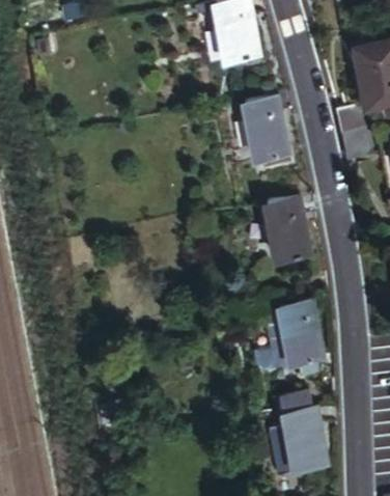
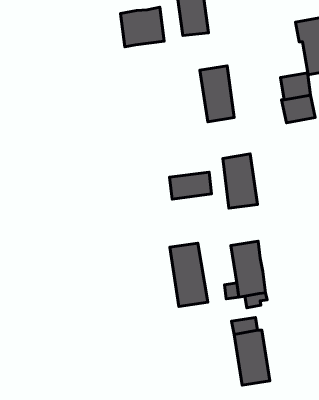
building: none -> [120,7,164,47]
building: none -> [169,172,212,199]
building: none -> [170,243,208,306]

